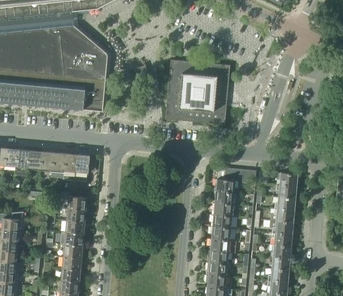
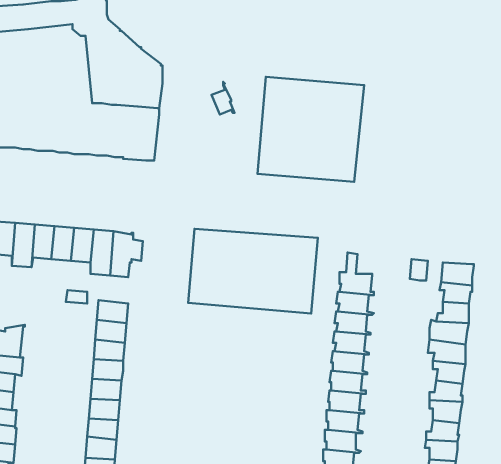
building: none -> [188,229,318,313]

